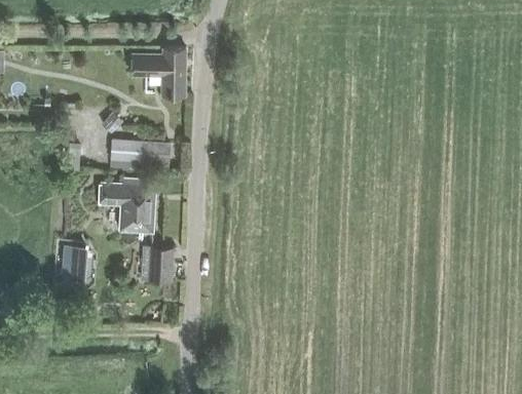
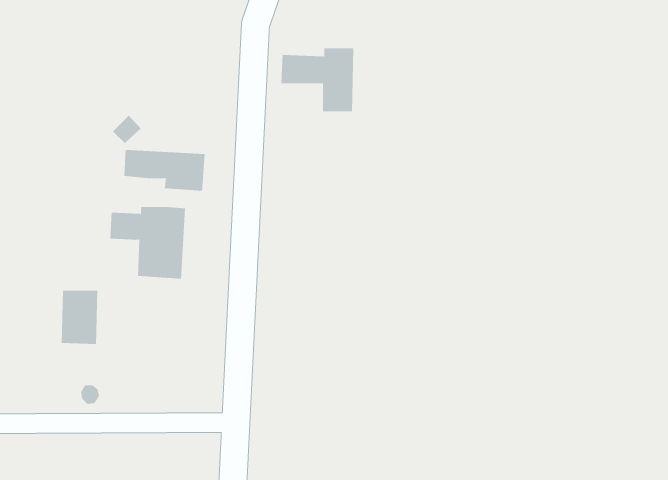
building: [130,49,185,96] -> [280,48,354,112]
building: [141,248,173,282] -> none

